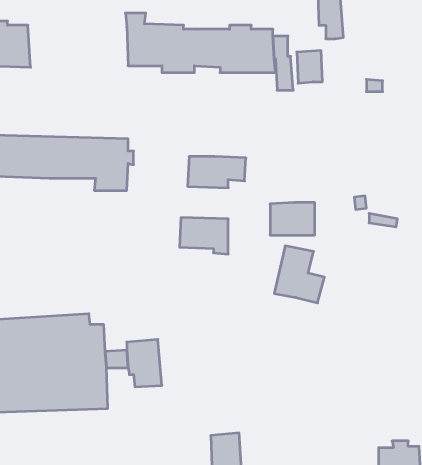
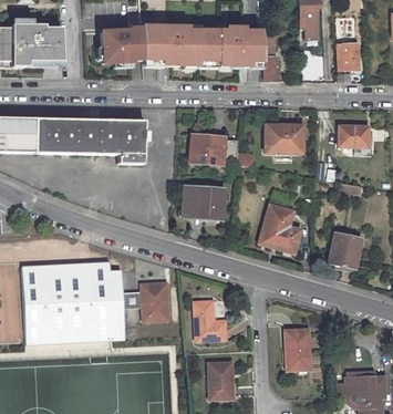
building: none -> [101,28,143,61]
building: [297,51,322,83] -> [338,42,359,69]
building: none -> [340,124,369,145]
building: [270,203,315,235] -> [266,123,302,149]
building: none -> [329,231,362,267]
building: none -> [190,298,225,338]
building: none -> [285,329,310,369]

